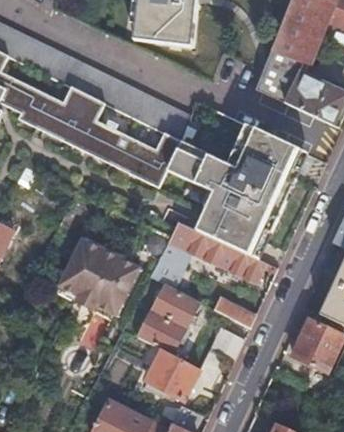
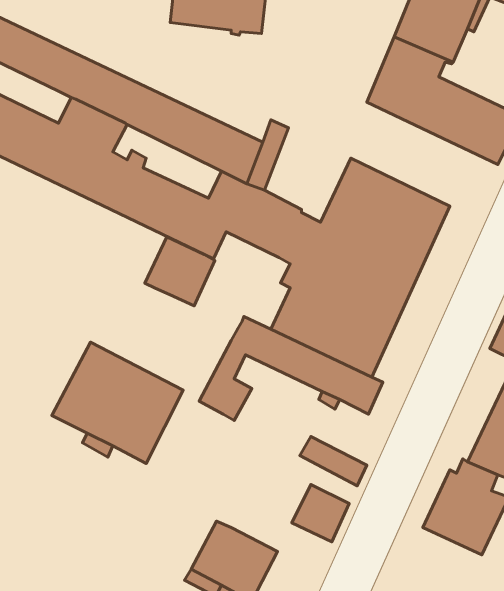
building: none -> [145,237,215,306]
building: [135,283,199,354] -> none

